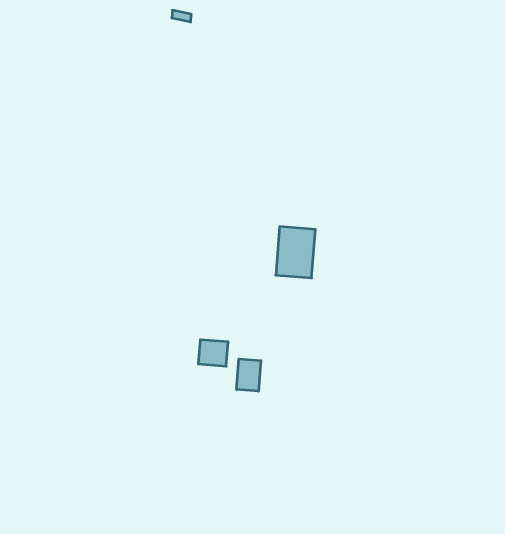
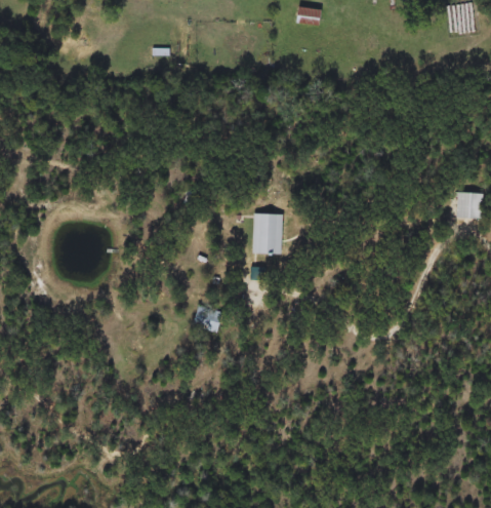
building: [237,359,261,391] -> none

